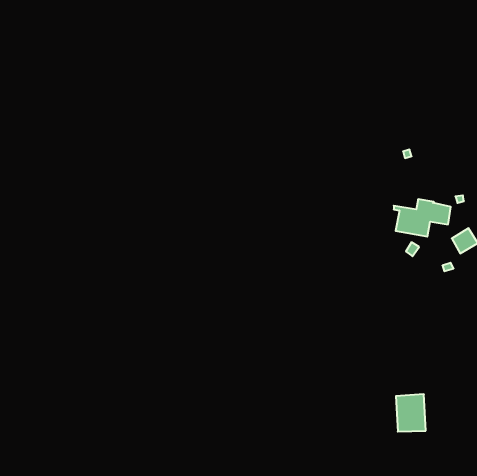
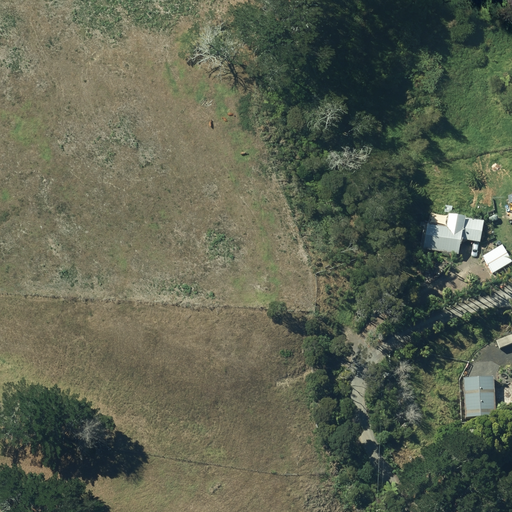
building: [396,394,426,432] -> [463,376,495,416]

